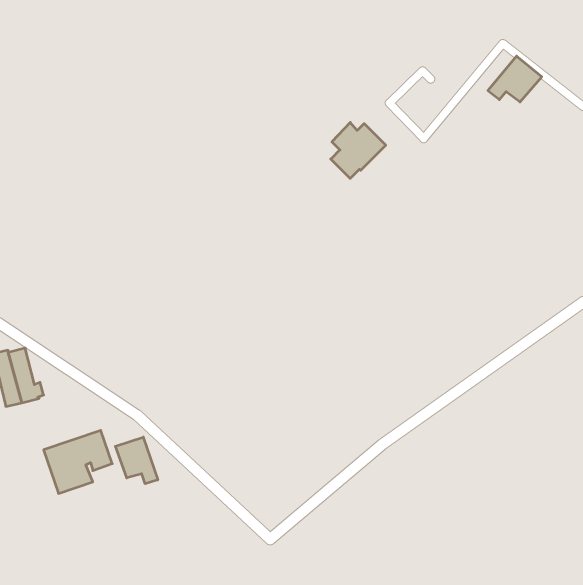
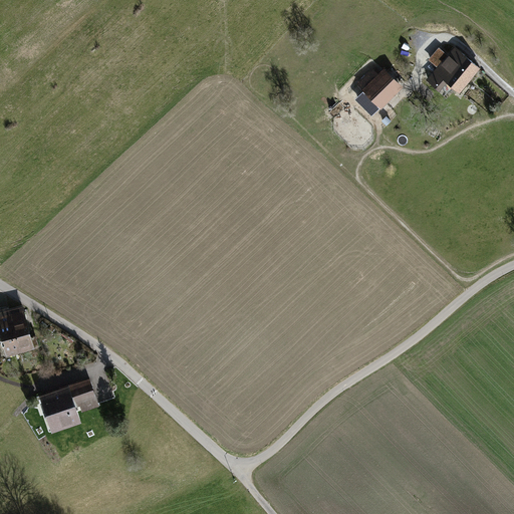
building: [331,122,386,178] -> [353,67,402,116]
building: [115,437,158,484] -> none

